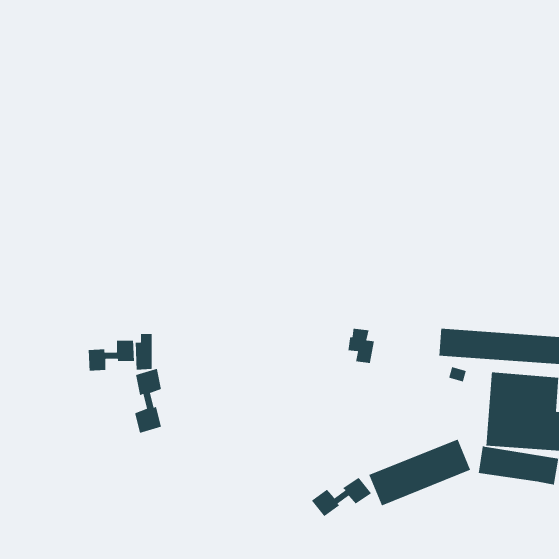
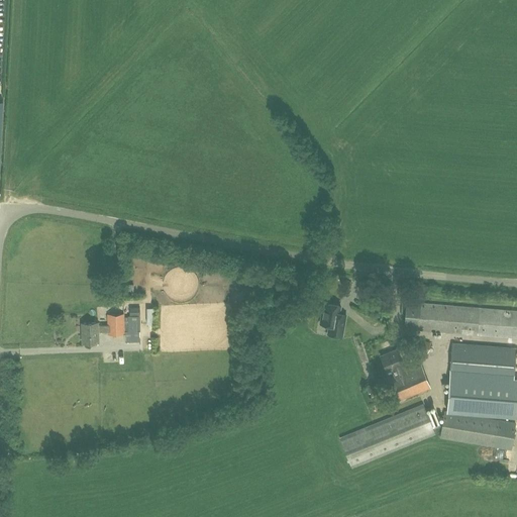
building: [134,368,162,434] -> none
building: none -> [381,349,431,400]
building: [311,477,372,517] -> none

